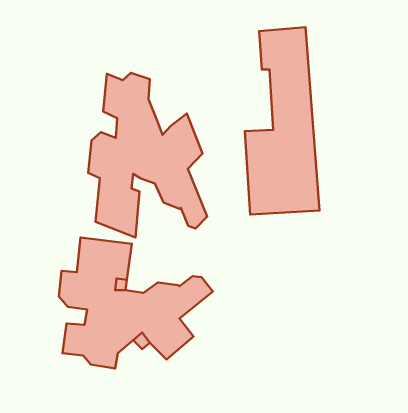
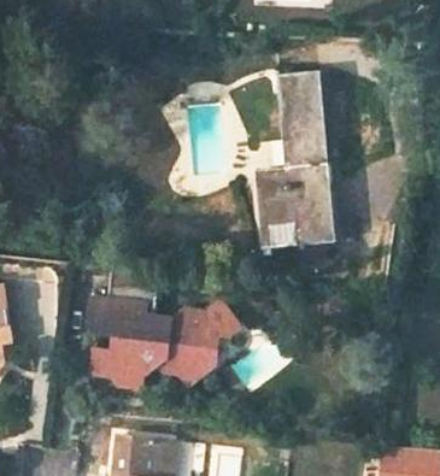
building: [88,73,207,237] -> none

